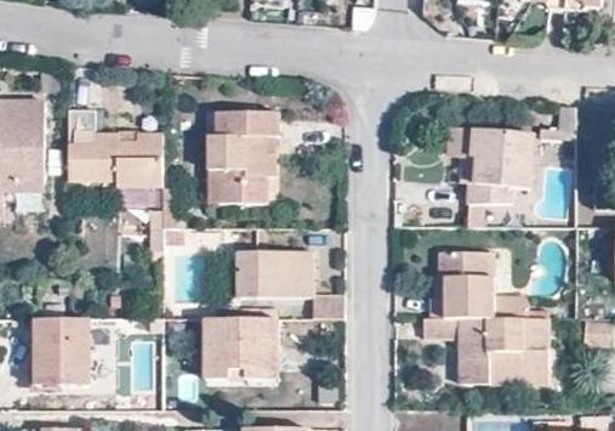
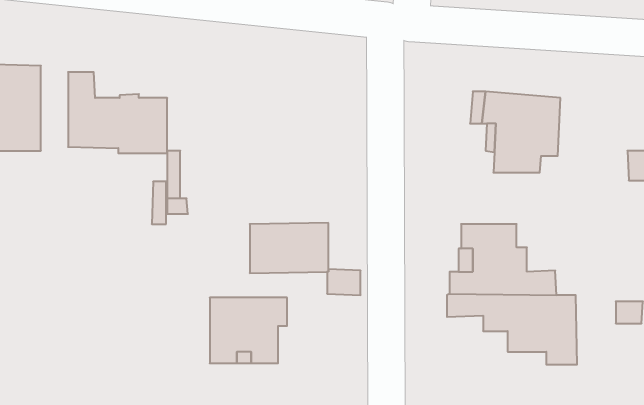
building: [209,109,279,200] -> none
building: [34,317,89,382] -> none
building: [459,351,518,382] -> none

